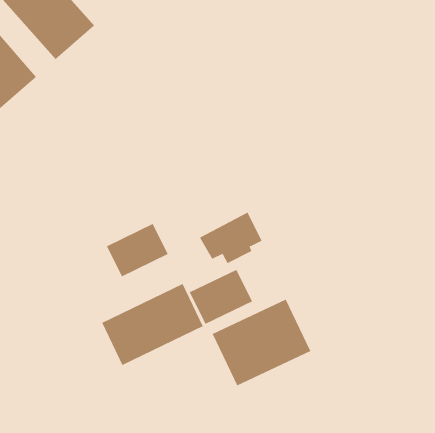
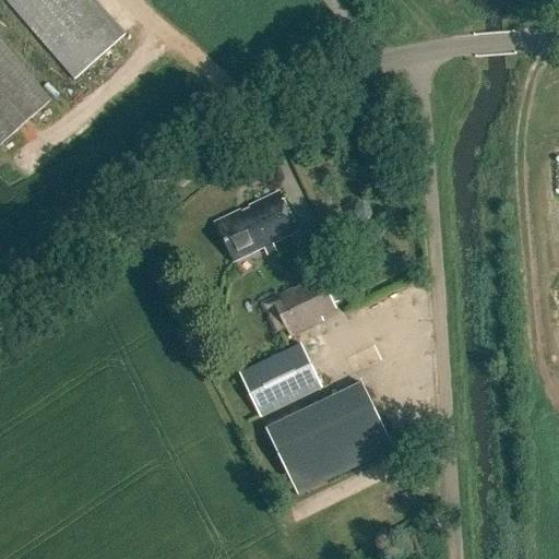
building: [106,223,168,277] -> [216,190,296,259]
building: [101,283,204,366] -> none

